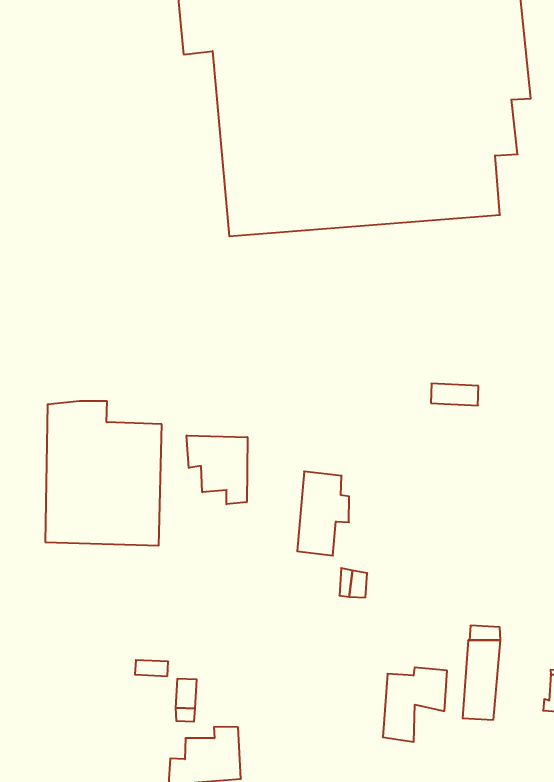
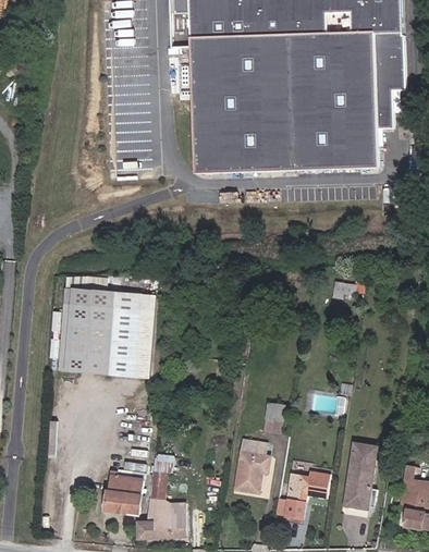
building: [187,435,247,504] -> none
building: [297,471,349,556] -> [234,438,271,495]
building: none -> [106,471,145,515]

